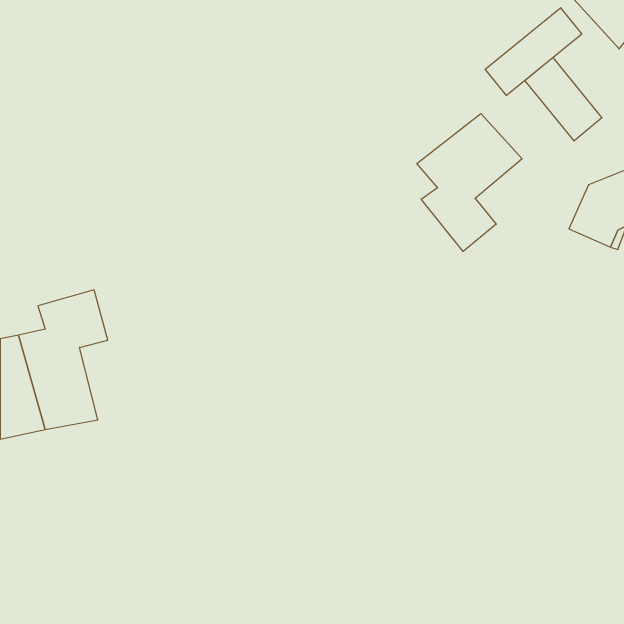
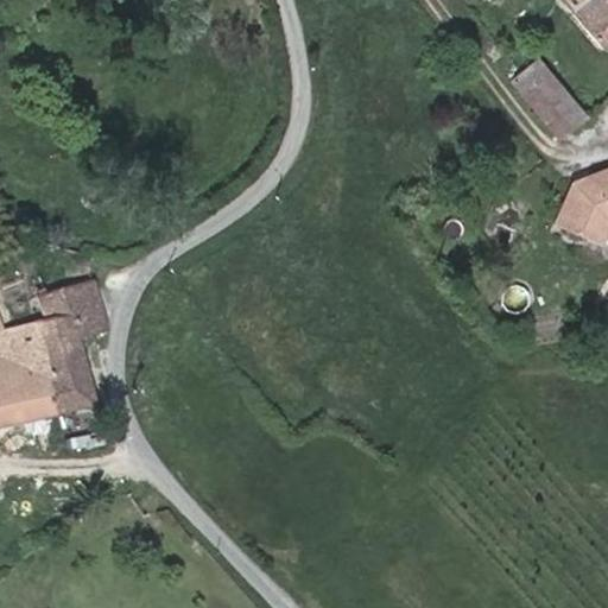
building: [485,8,582,96] -> none
building: [417,114,522,251] -> none

